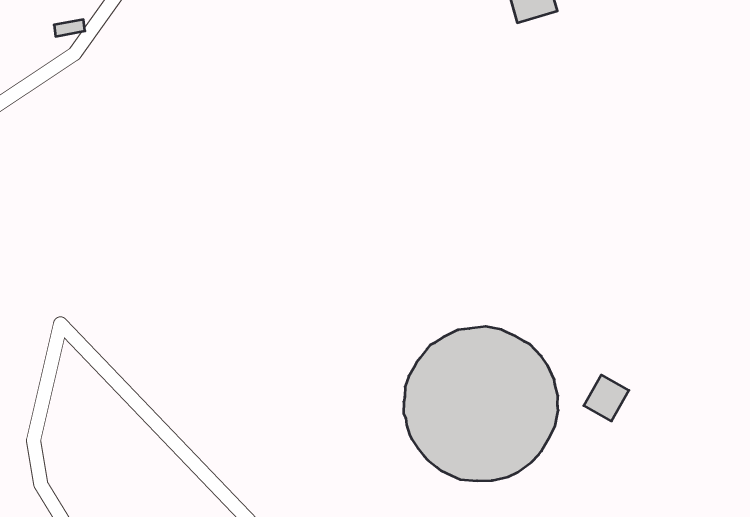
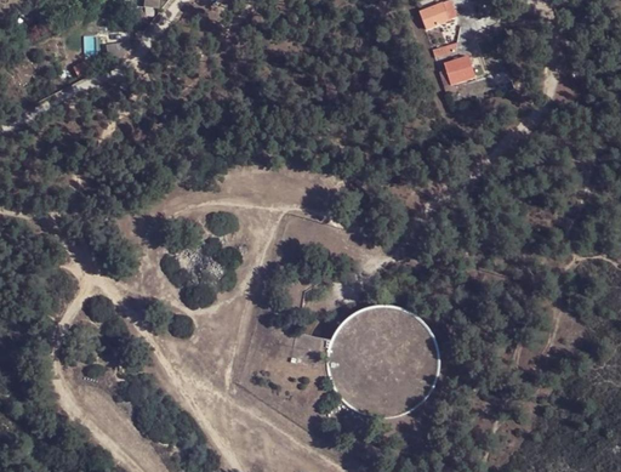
building: [584,375,629,421] -> none

